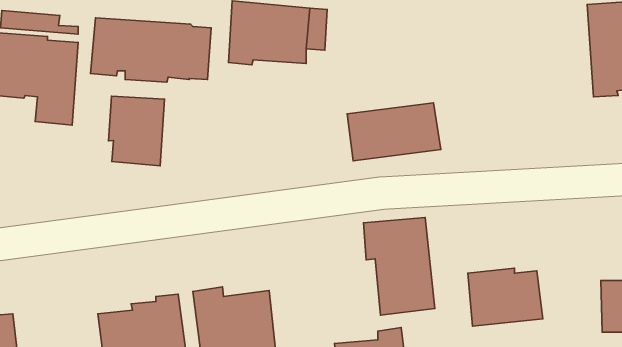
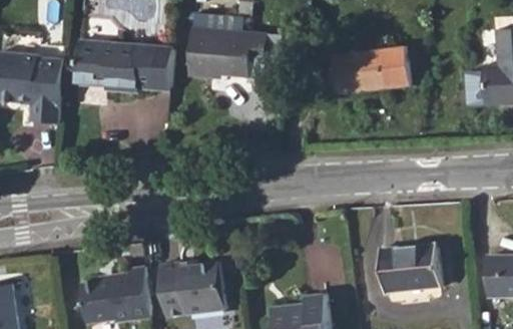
building: [109,96,164,166] -> none
building: [347,103,441,161] -> [335,47,411,94]
building: [364,217,435,315] -> none

